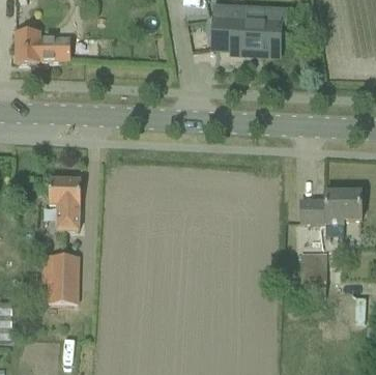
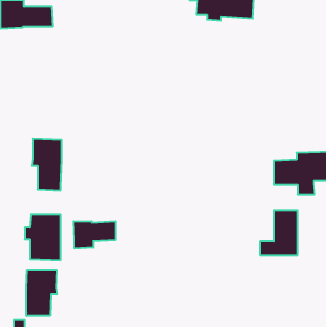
building: none -> [73,221,116,248]
building: none -> [26,270,57,316]

